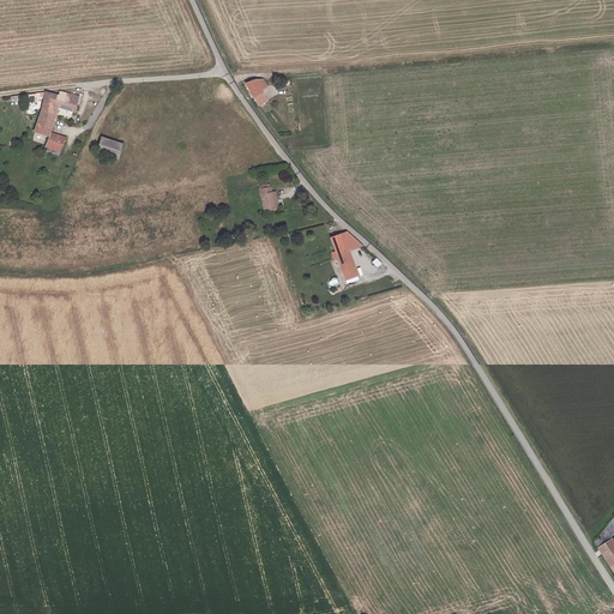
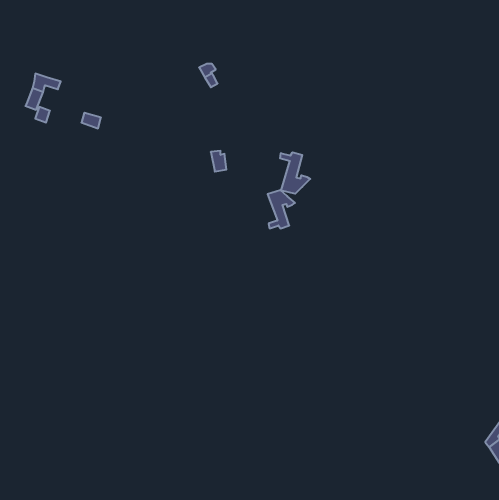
building: none -> [280,152,310,194]

